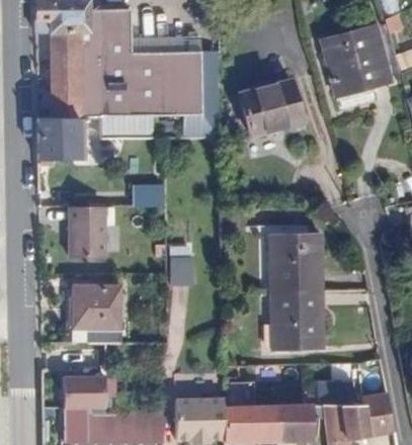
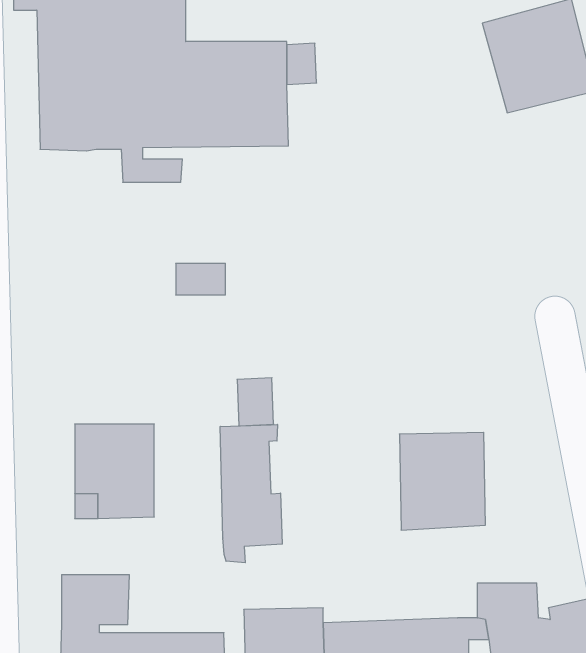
building: [240,80,303,135] -> none
building: [36,117,79,160] -> none
building: [69,206,104,258] -> none
building: [269,233,322,291] -> none
building: none -> [220,424,282,563]

